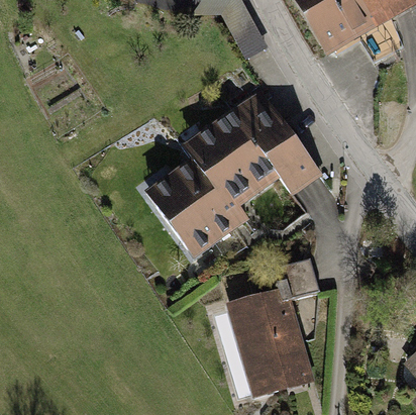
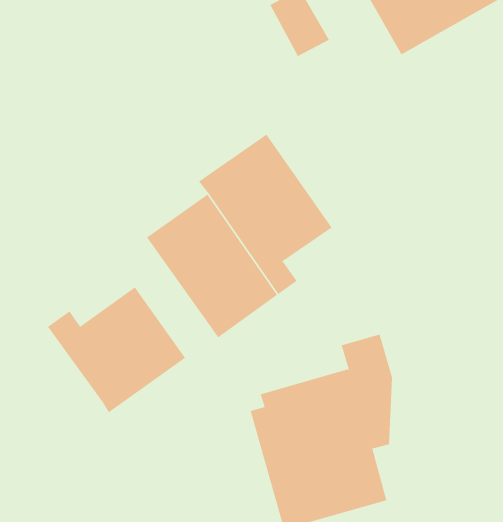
building: [229,91,321,199] -> none
building: none -> [47,286,186,413]

